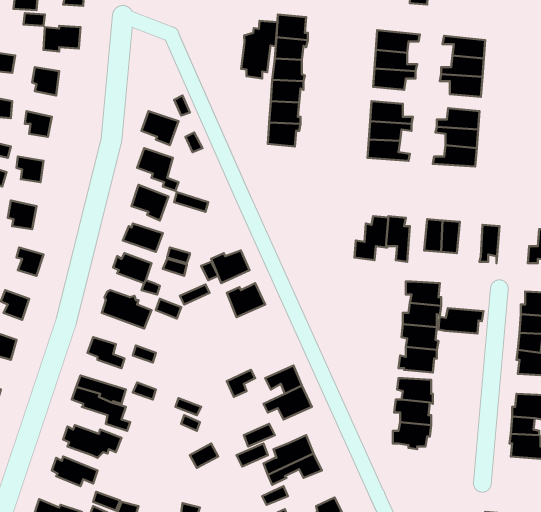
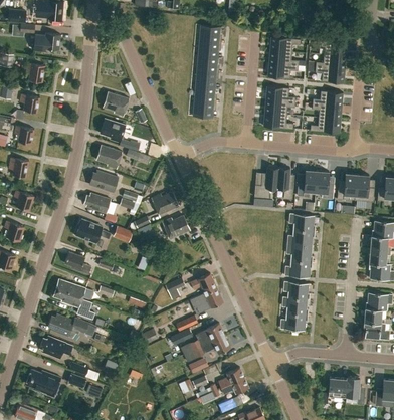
building: [241,21,277,78] -> none
building: none -> [355,175,374,202]
building: [439,308,484,333] -> none

